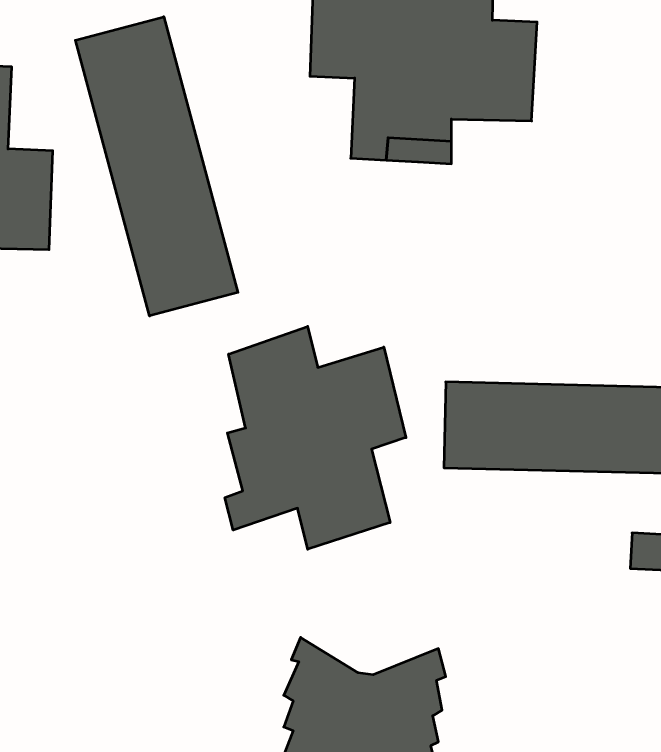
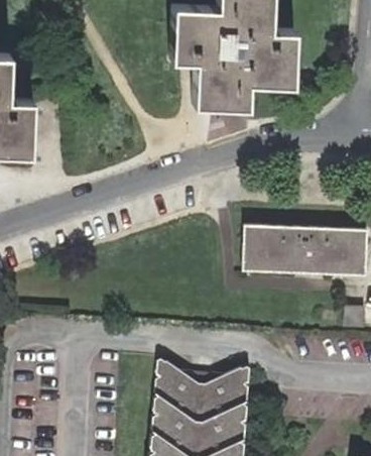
building: [75,17,238,316] -> none
building: [225,326,406,549] -> none

